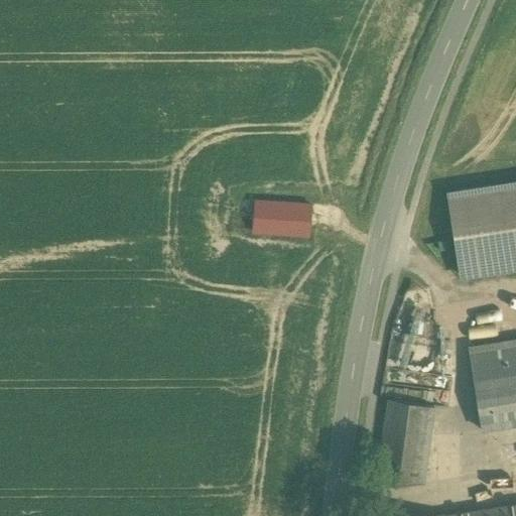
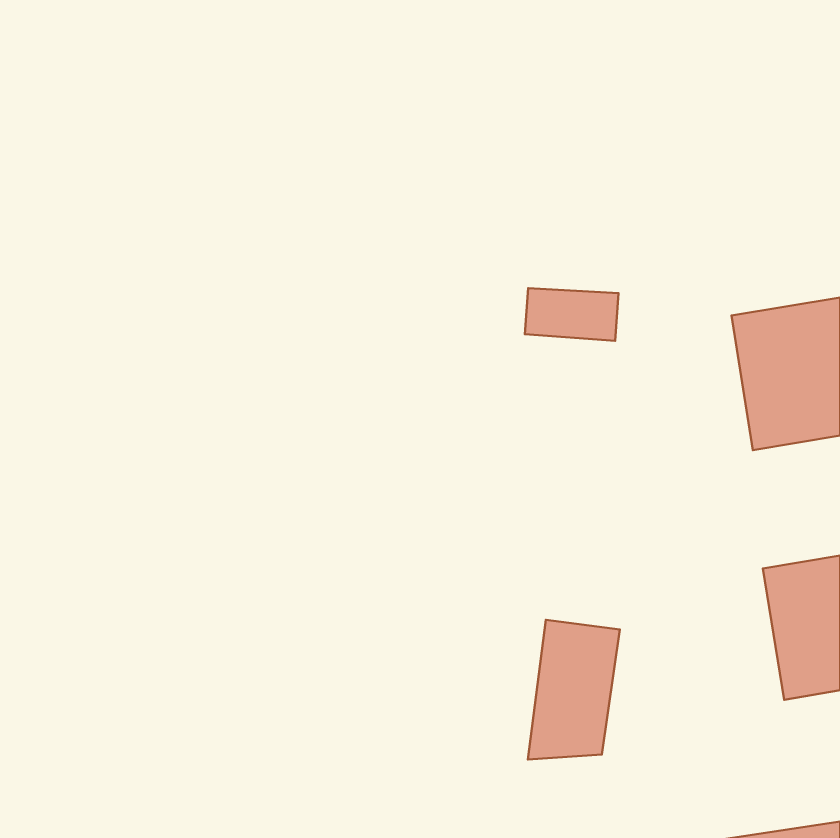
building: [256,204,313,236] -> [525,288,619,341]
building: [377,401,433,487] -> [528,620,620,759]

